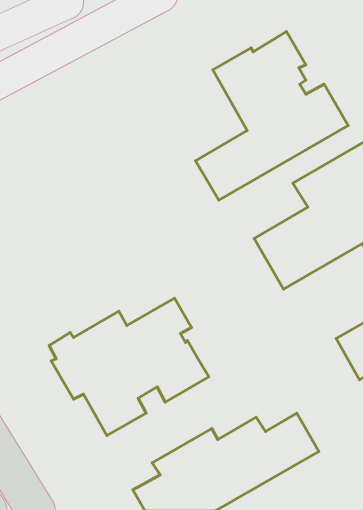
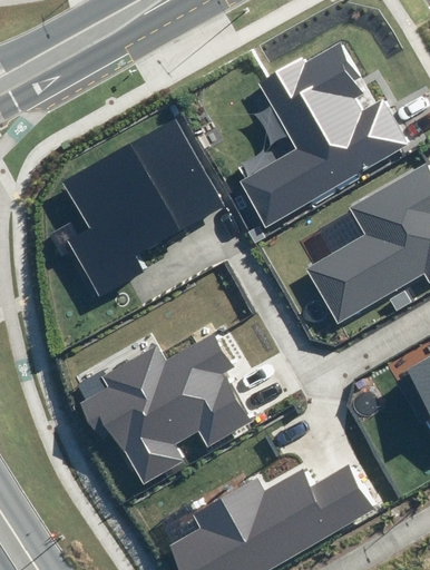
building: none -> [63,118,225,296]

